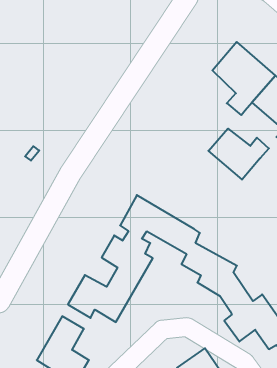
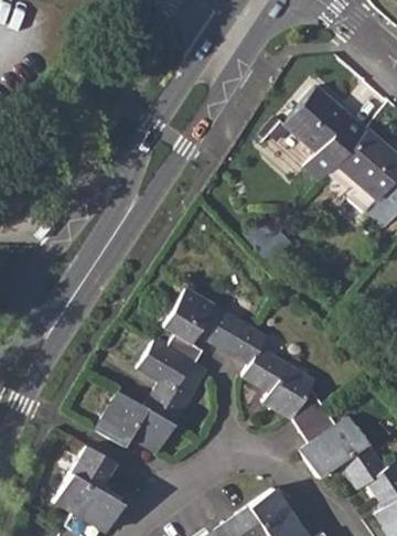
building: [208,129,269,180] -> none

